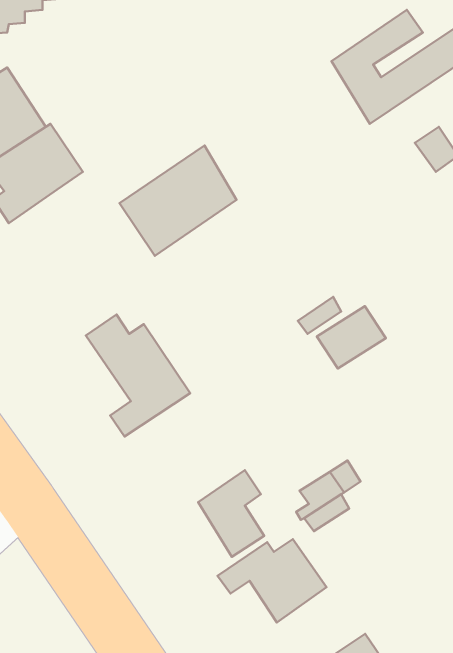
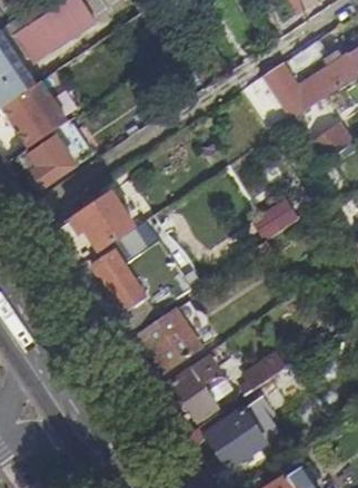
building: [119,145,237,256] -> [50,189,131,266]
building: [317,306,386,369] -> [246,196,294,240]
building: none -> [141,309,201,369]

